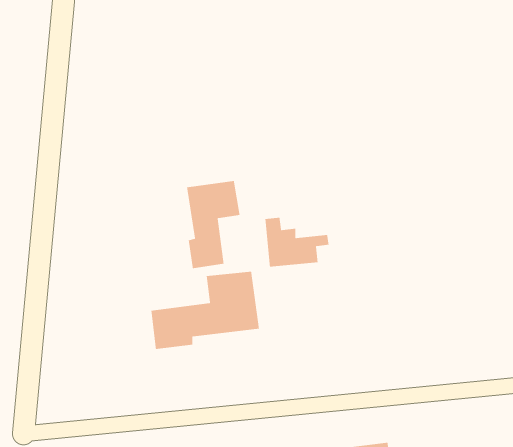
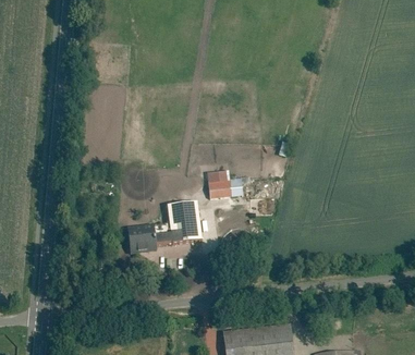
building: [186,180,240,269] -> none

